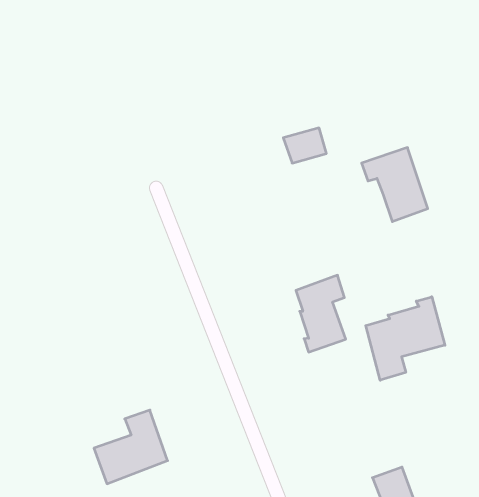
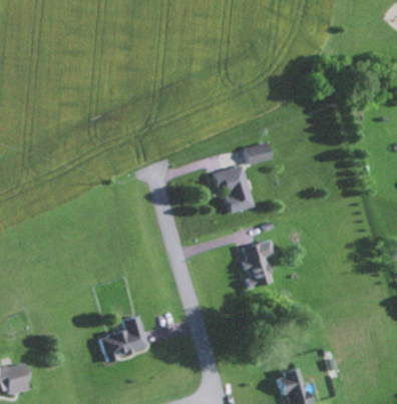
building: [362,148,428,222] -> [212,165,252,213]
building: [366,297,445,380] -> none

